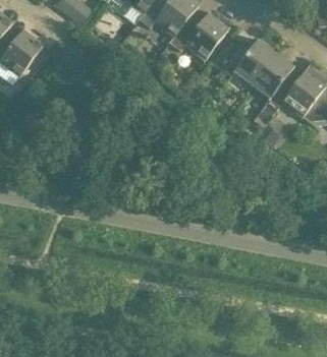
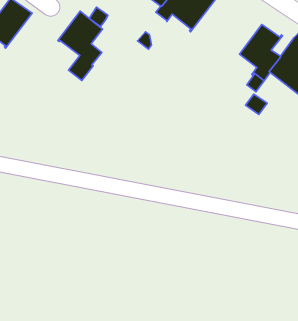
building: [220,39,274,83] -> none
building: none -> [58,11,103,81]

